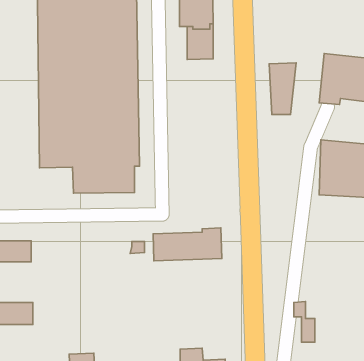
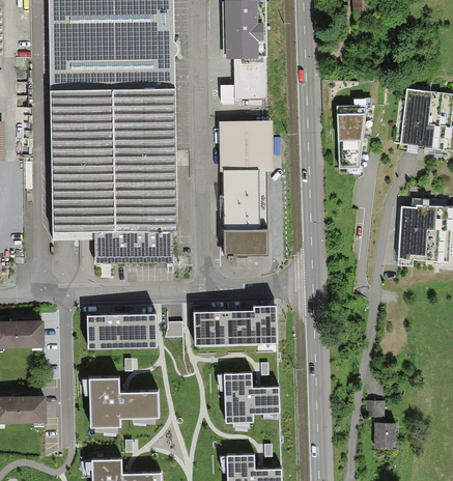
building: none -> [219,119,272,255]
building: none -> [86,314,155,347]
building: none -> [222,371,277,421]
building: none -> [88,377,157,427]

